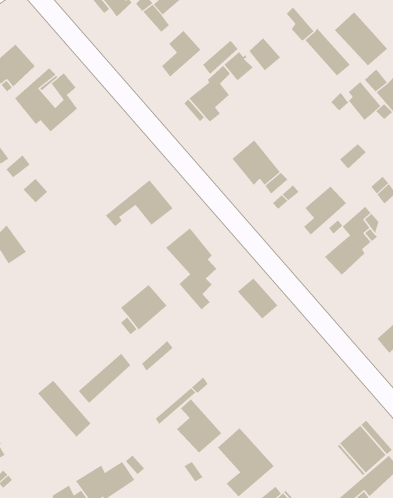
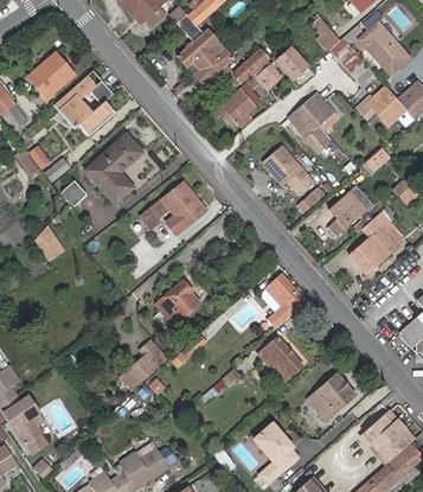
building: none -> [179,30,216,74]
building: none -> [290,92,344,148]
building: none -> [85,134,142,203]
building: [165,228,217,310] -> none
building: none -> [259,337,302,382]
building: [37,380,91,437] -> none
building: none -> [308,373,355,420]
building: [176,398,222,454] -> none

